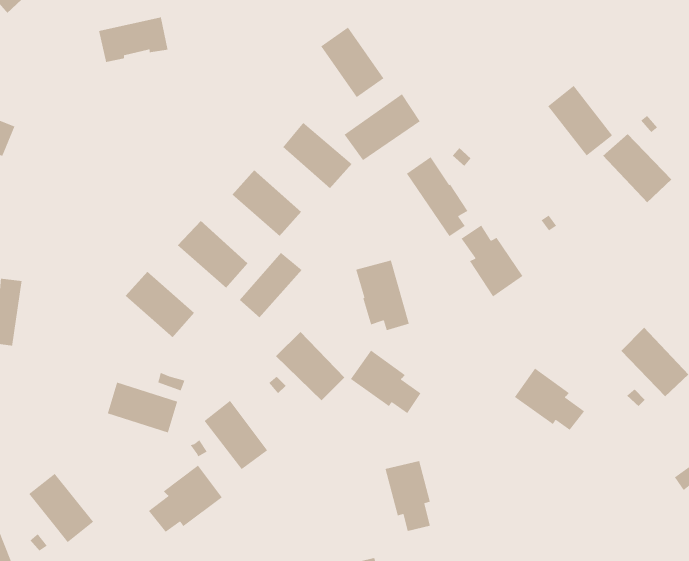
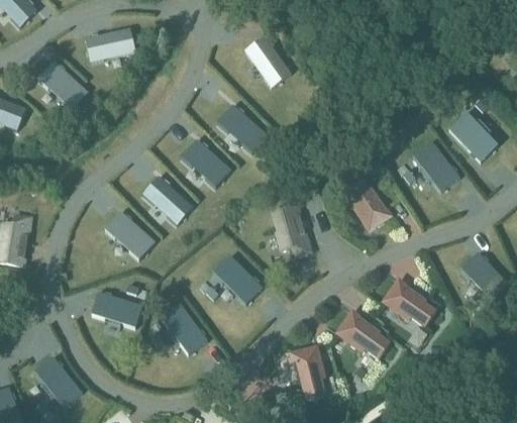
building: none -> [37,62,87,109]
building: [547,85,613,157] -> [412,140,459,192]
building: [344,93,421,161] -> none
building: [406,156,469,237] -> none
building: [239,252,302,318] -> none
building: [350,350,421,414] -> [337,312,389,358]
building: [148,464,223,533] -> none

